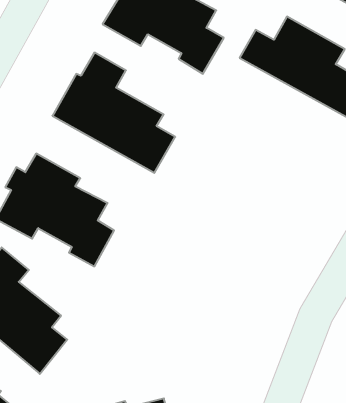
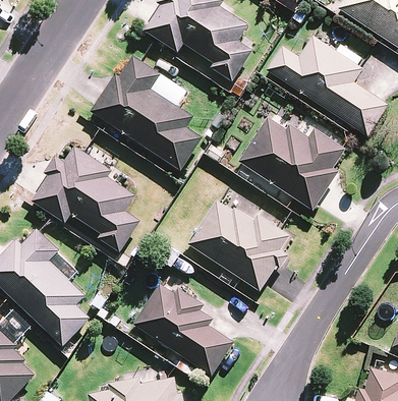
building: none -> [238,118,344,210]
building: none -> [187,200,288,290]
building: none -> [132,284,234,376]

